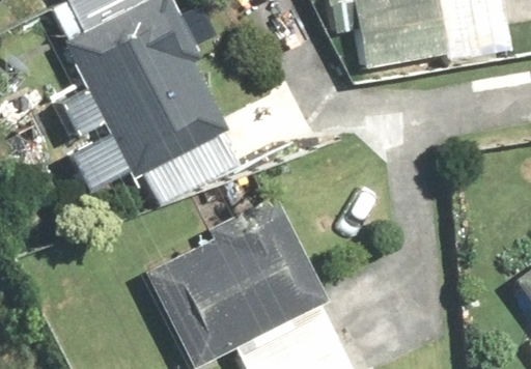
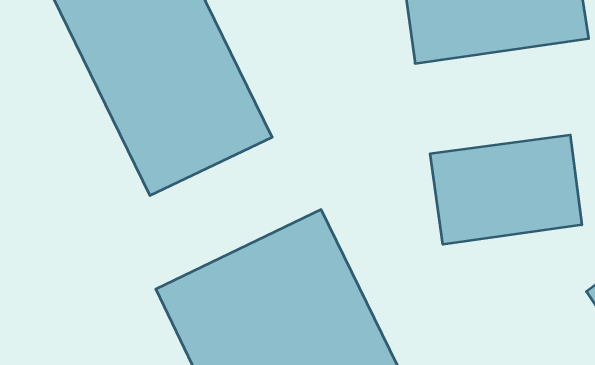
building: none -> [430,135,582,244]

